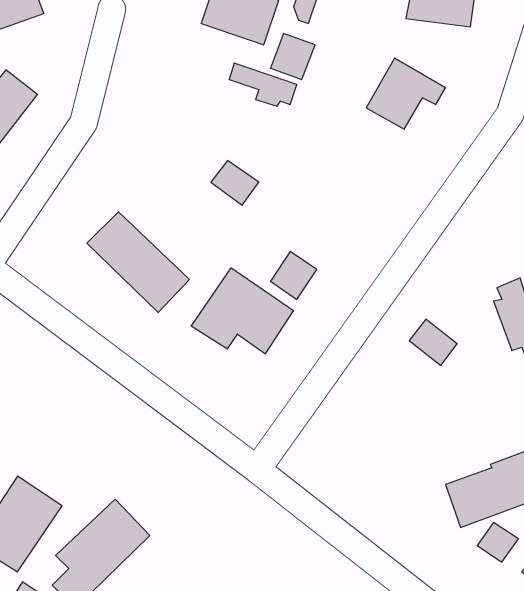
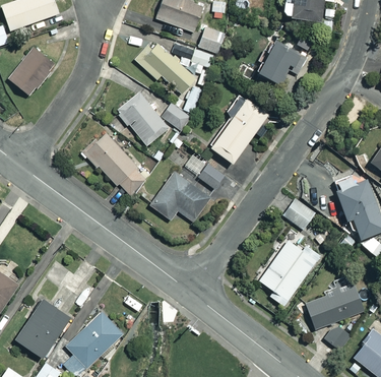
building: none -> [135,44,196,93]
building: none -> [209,93,268,163]
building: none -> [119,95,167,146]
building: none -> [259,241,321,307]

